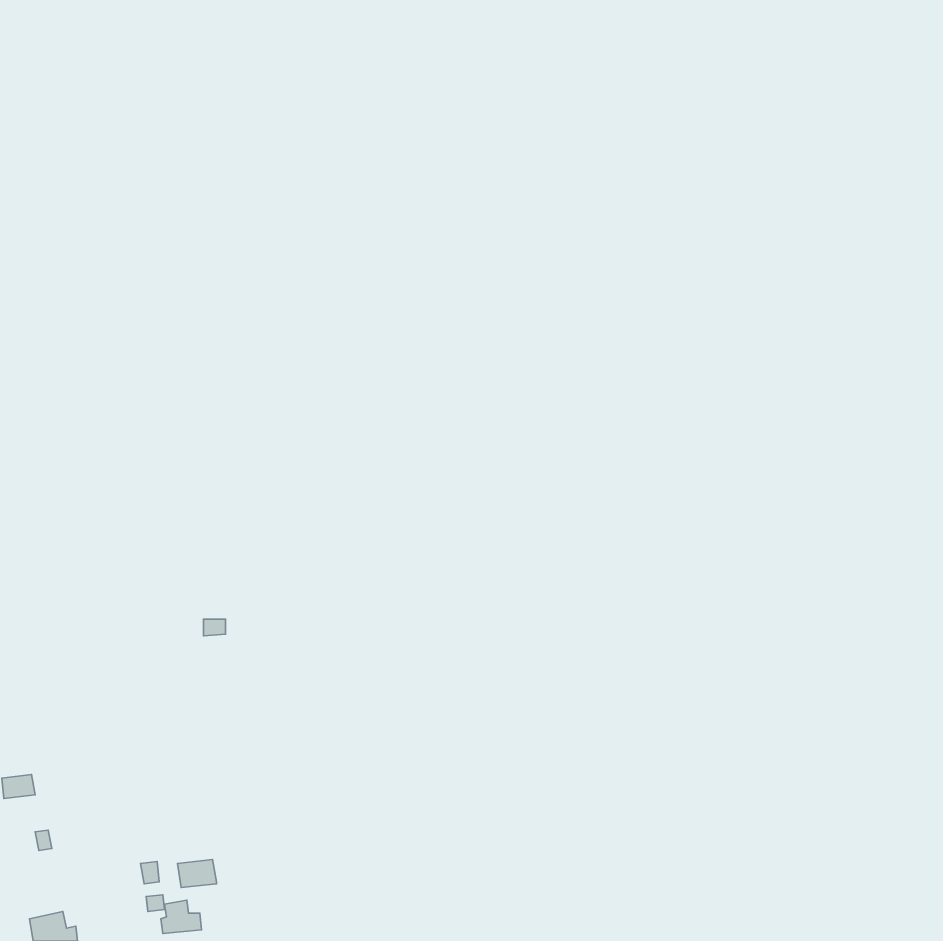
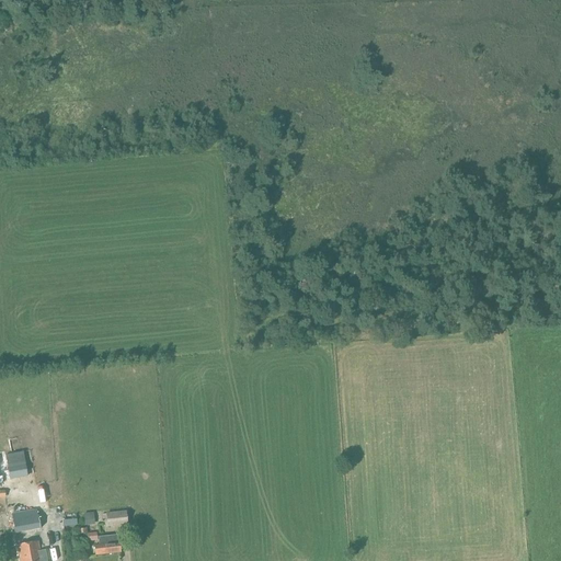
building: none -> [12,508,41,533]

